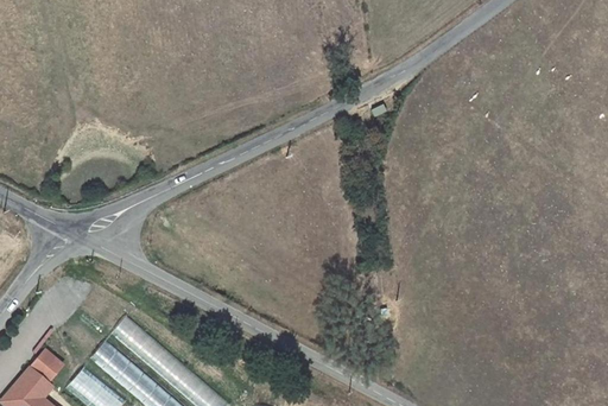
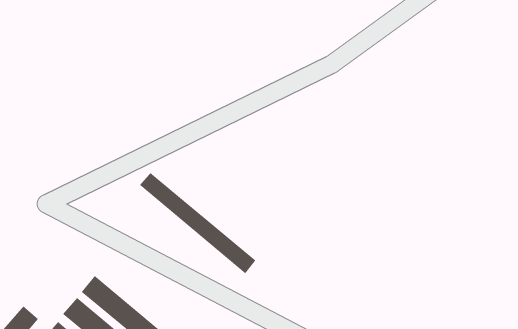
building: none -> [139,172,256,274]

